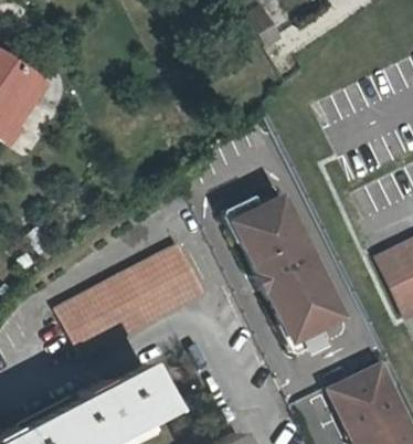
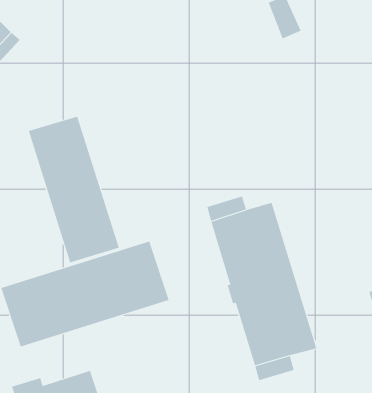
building: none -> [28,116,119,263]

